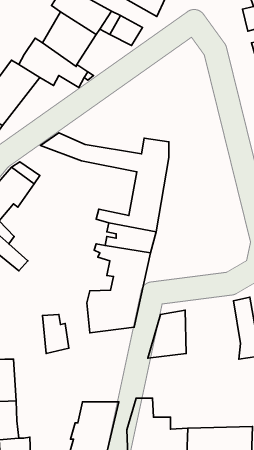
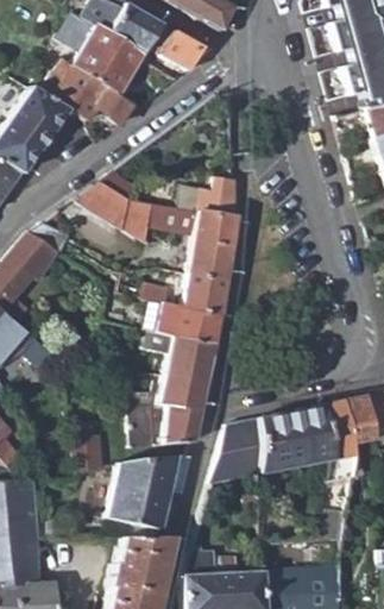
building: none -> [260,406,333,476]
building: none -> [109,453,191,530]

